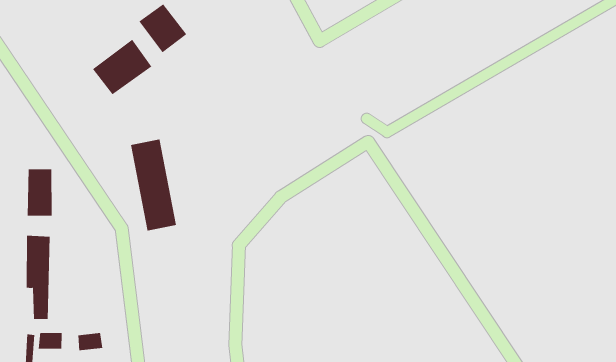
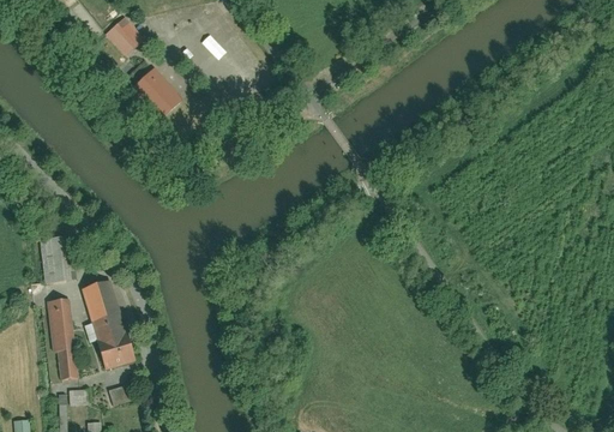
building: [92,39,152,95] -> none
building: [130,139,177,231] -> [82,280,133,367]

